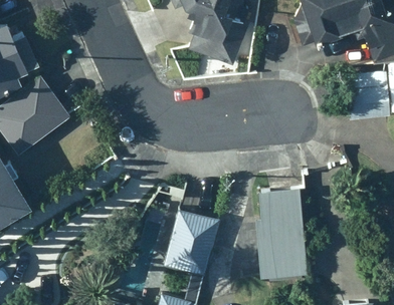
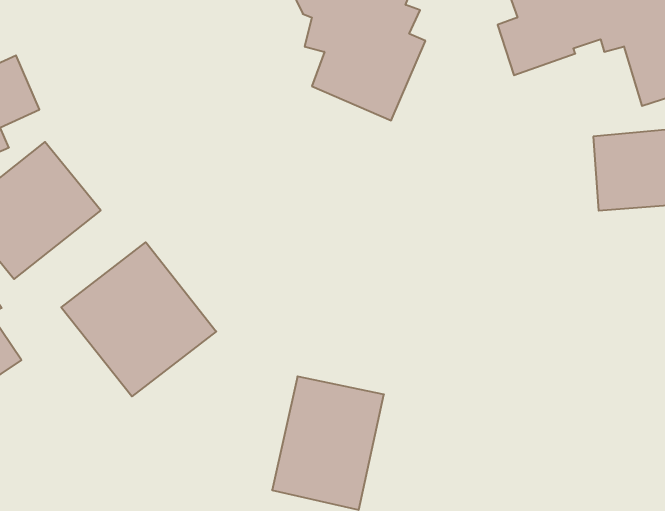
building: none -> [61,242,216,396]
building: [255,190,307,281] -> none

